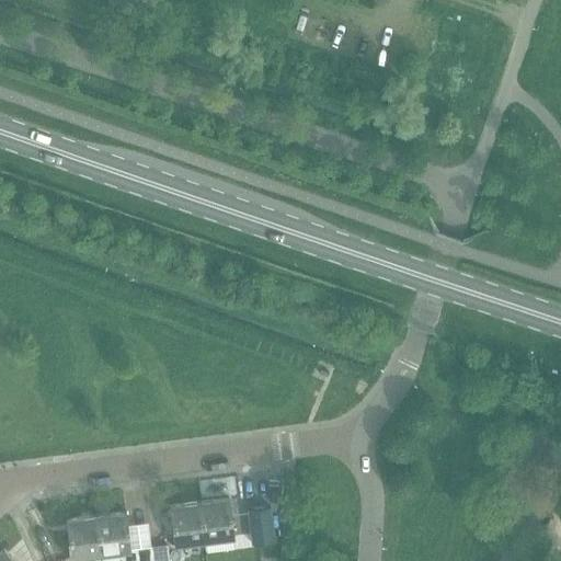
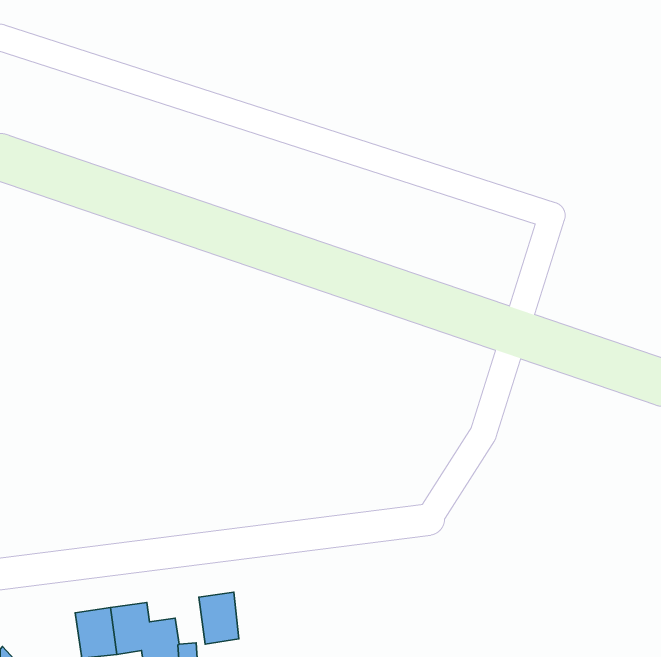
building: [199,502,234,545] -> none
building: [249,511,275,549] -> none

